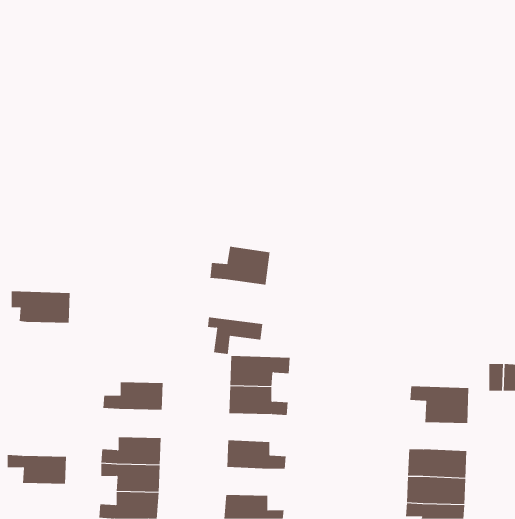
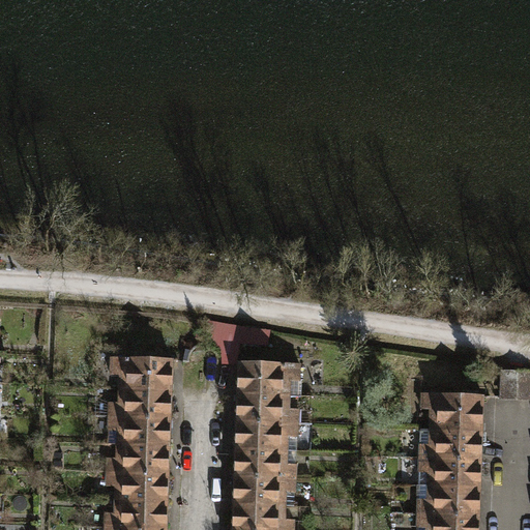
building: [210,246,270,286] -> none
building: [11,291,71,323] -> [111,357,172,390]
building: none -> [236,421,297,450]
building: none -> [420,430,481,460]
building: [7,455,67,484] -> [109,416,170,446]
building: none -> [234,476,295,505]

